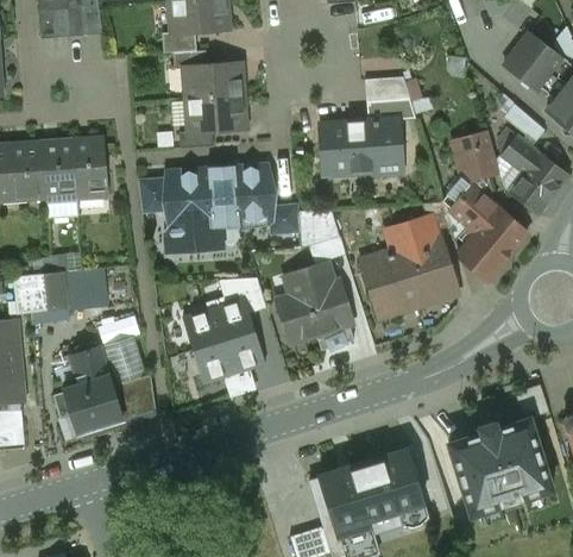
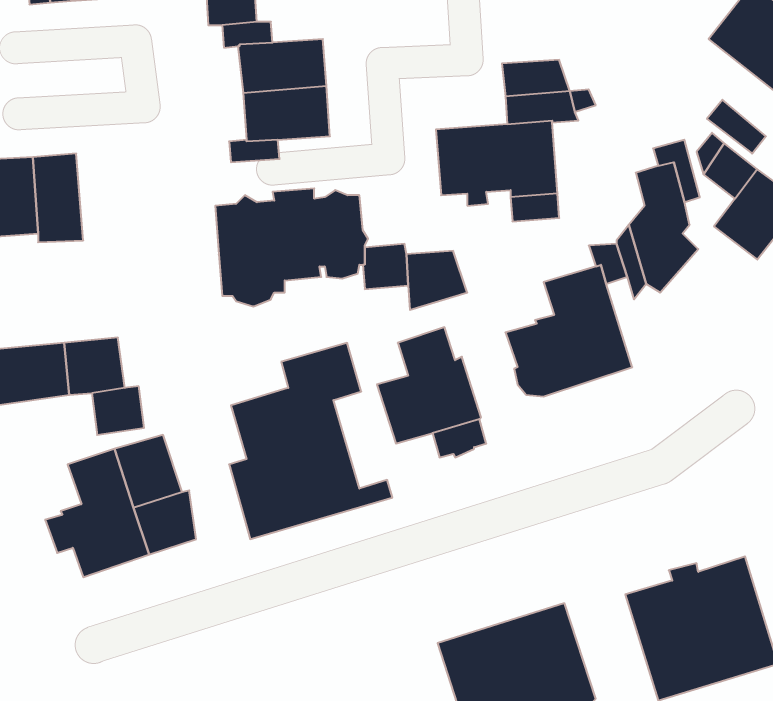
building: [73,138,108,200] -> none
building: [139,183,170,212] -> none
building: [466,206,527,280] -> none

